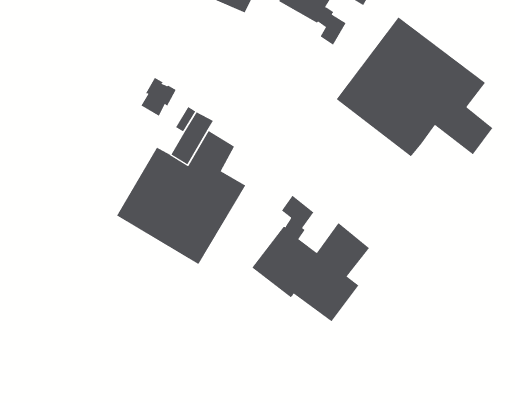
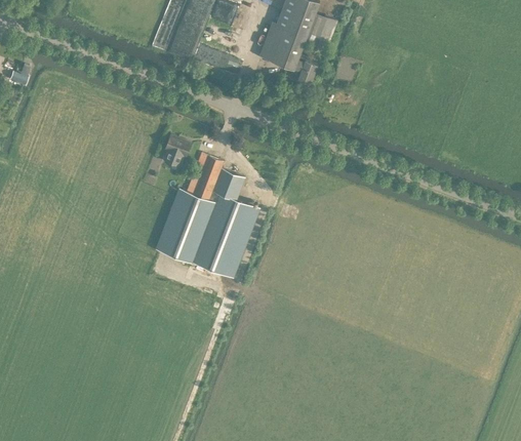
building: [336,17,493,157] -> none
building: [252,195,370,322] -> none

